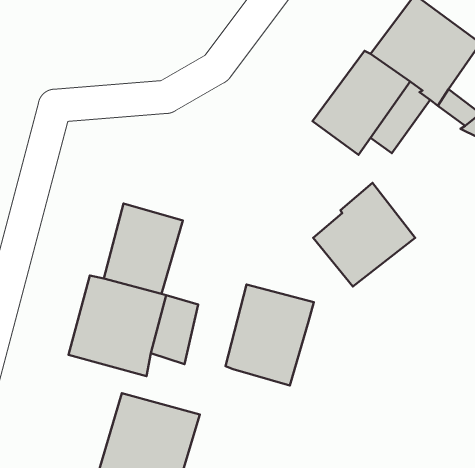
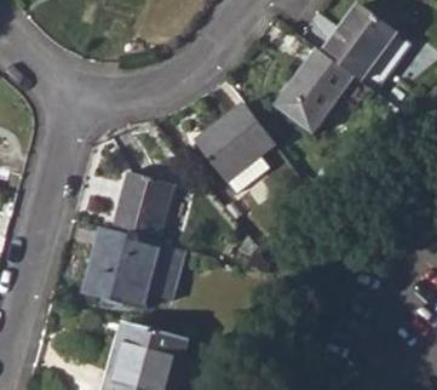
building: [313,183,415,287] -> [192,97,274,179]
building: [226,284,314,386] -> none

